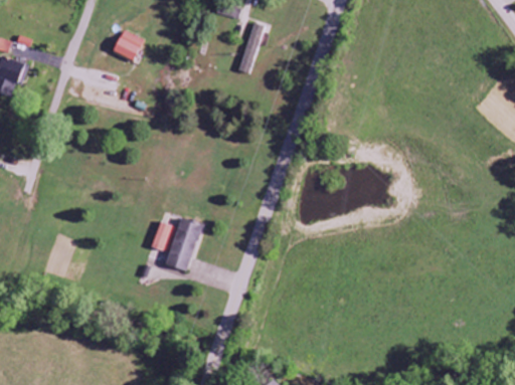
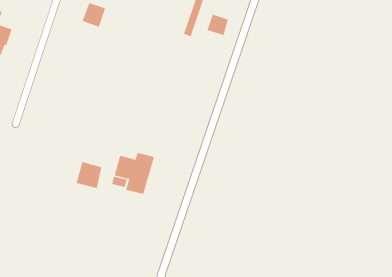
building: none -> [207,14,229,36]
building: none -> [76,161,102,189]

